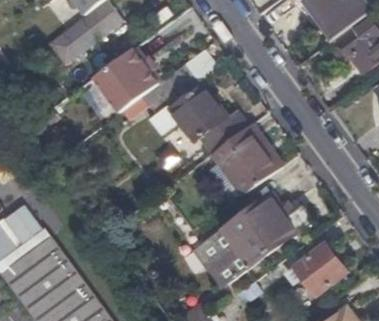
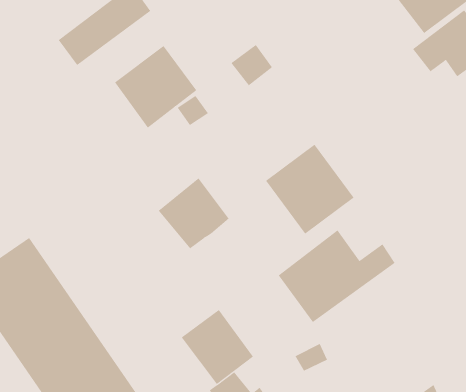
building: [170,84,226,140] -> [158,178,229,249]
building: [191,228,248,287] -> [181,309,254,385]
building: [293,242,346,296] -> none

